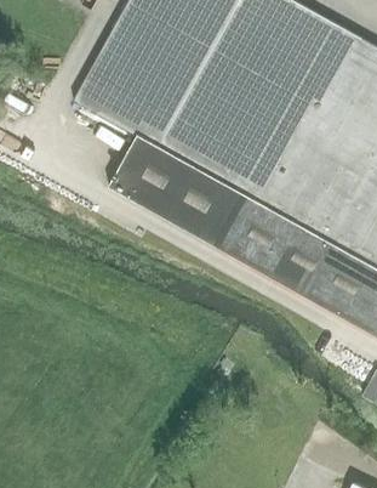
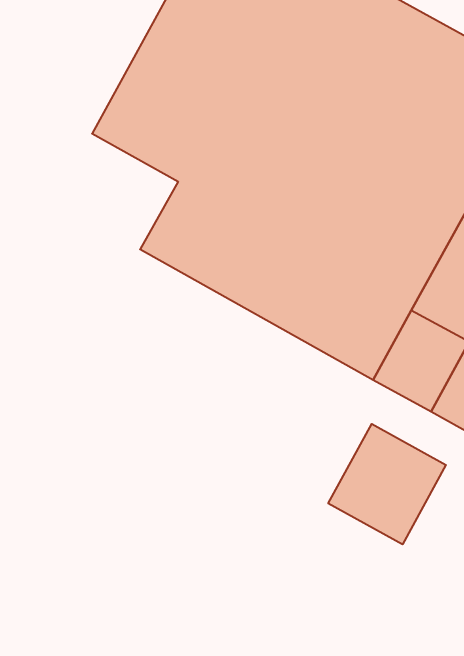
building: none -> [328,424,446,544]

